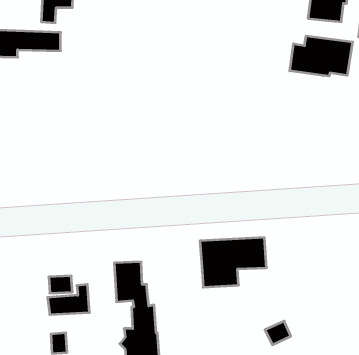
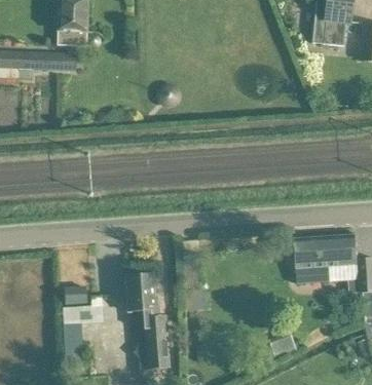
building: [290,36,353,76] -> none
building: [200,238,267,287] -> [293,235,357,282]

